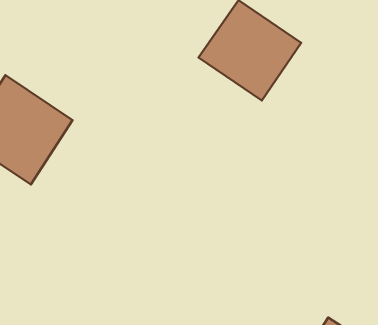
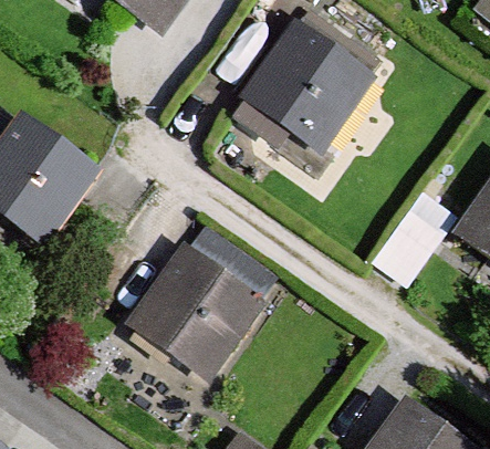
building: none -> [129,249,258,376]

